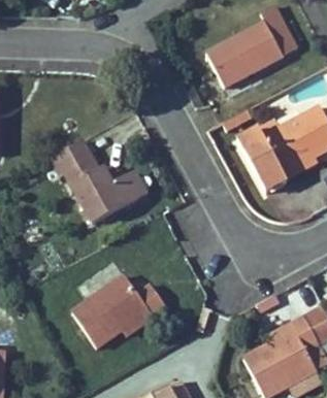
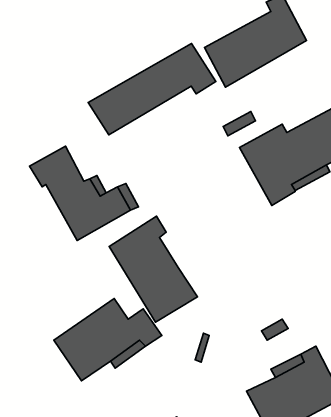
building: none -> [88,44,216,135]
building: none -> [109,216,197,322]

